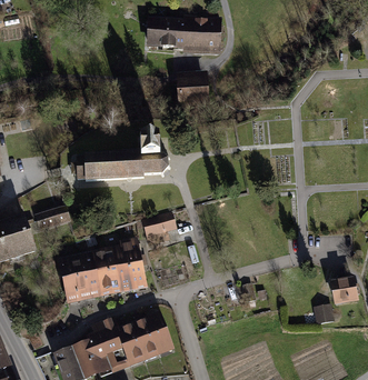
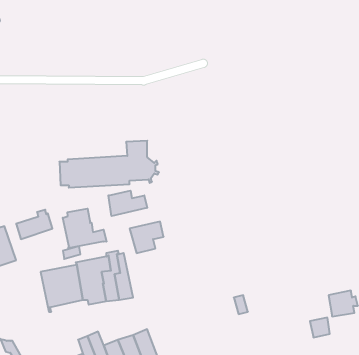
building: [149,16,221,49] -> none
building: [177,79,207,103] -> none
building: none -> [108,191,147,216]
building: none -> [63,209,106,248]

